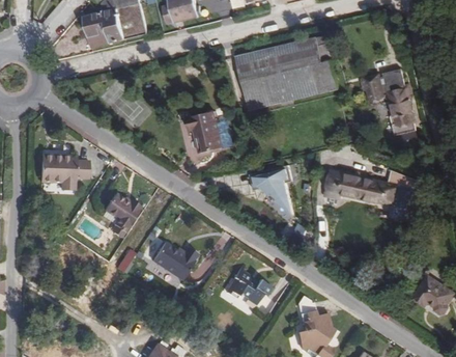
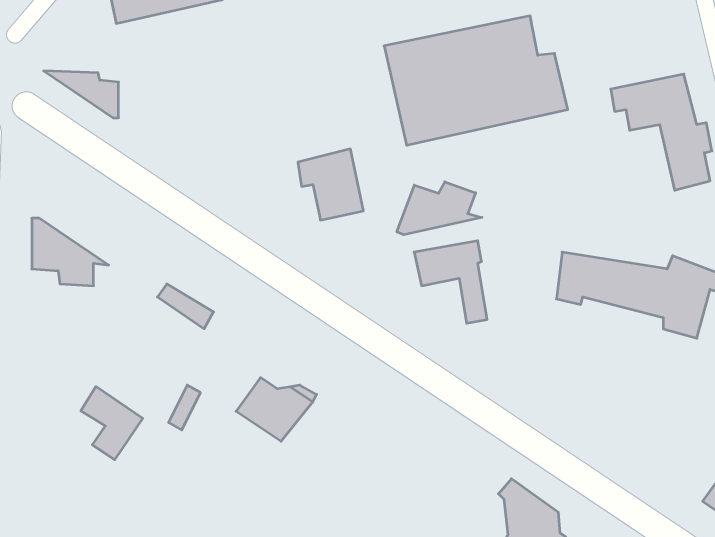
building: none -> [397,182,482,235]
building: [45,154,86,180] -> [44,71,119,118]
building: [102,197,136,238] -> [81,387,143,460]
building: [228,271,274,305] -> none

